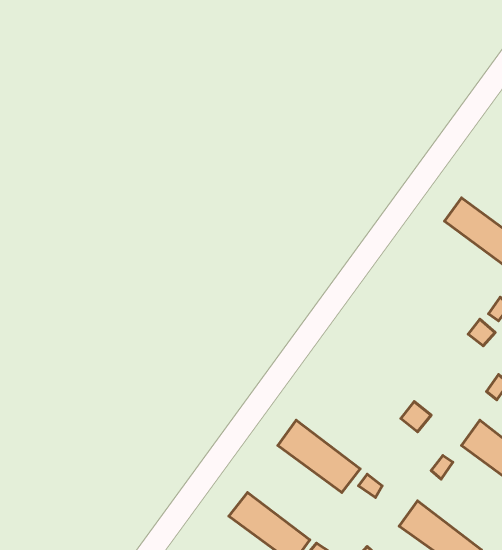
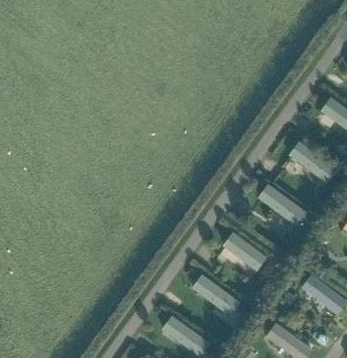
building: none -> [258,183,306,226]
building: none -> [222,231,270,273]

